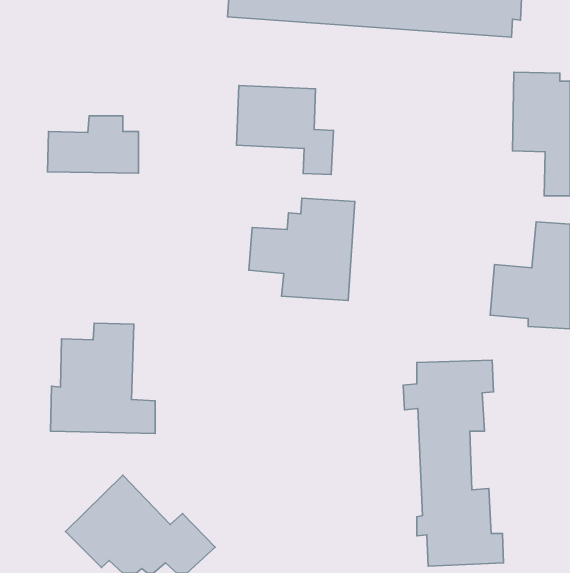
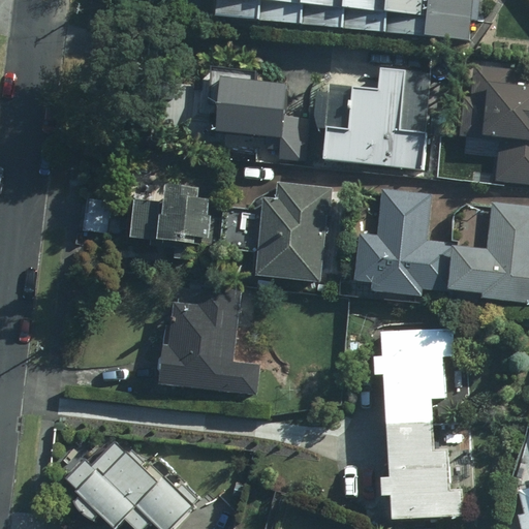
building: none -> [322,69,431,166]
building: [47,116,139,173] -> [127,186,211,239]
building: none -> [353,192,454,297]
building: [50,323,155,433] -> [162,289,258,391]

